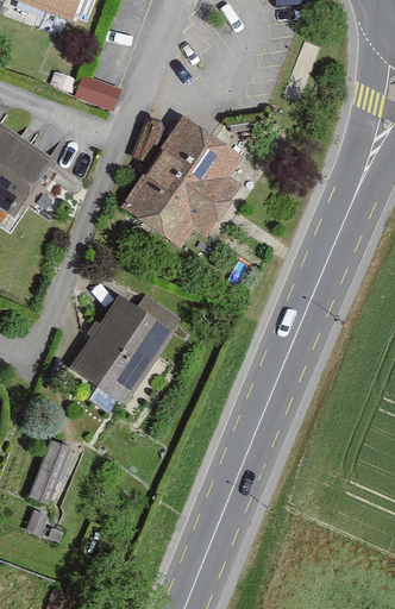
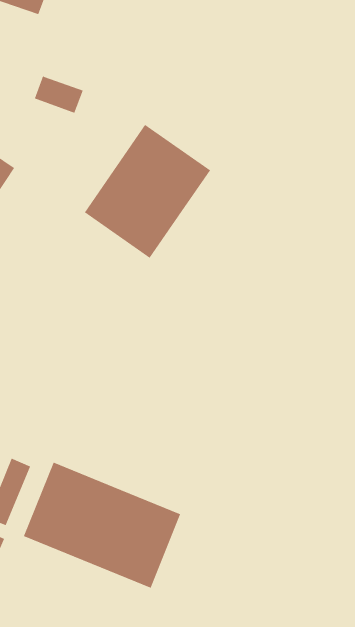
building: [74,299,173,403] -> none
building: none -> [23,461,181,589]

